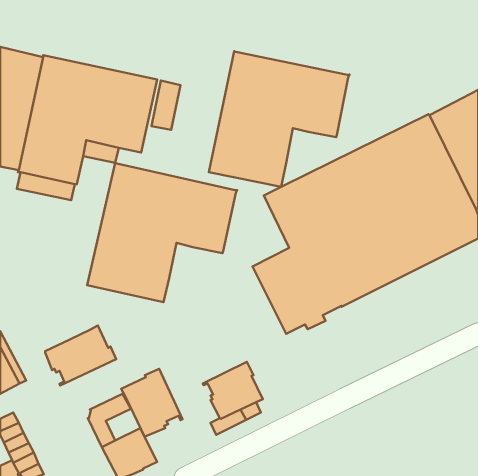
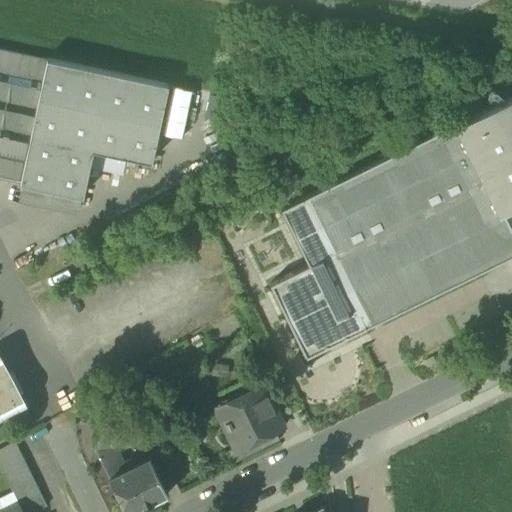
building: [209,51,349,187] -> none
building: [87,163,237,302] -> none
building: [45,326,116,385] -> none
building: [121,369,183,436] -> none

